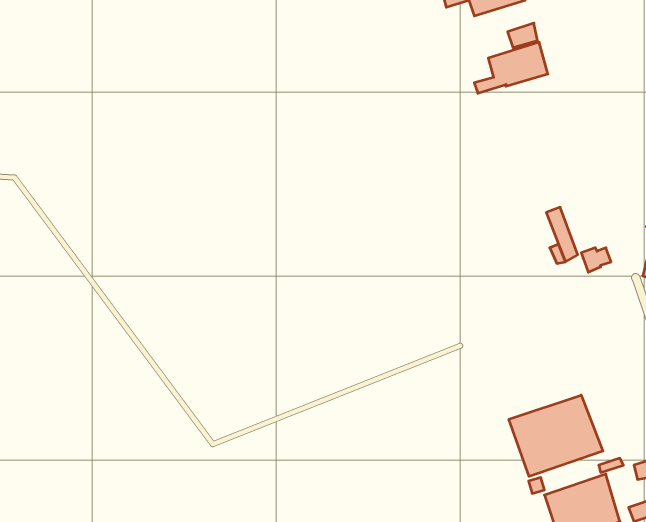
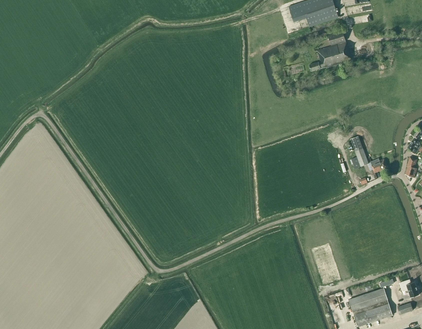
building: [509,395,603,476] -> none

